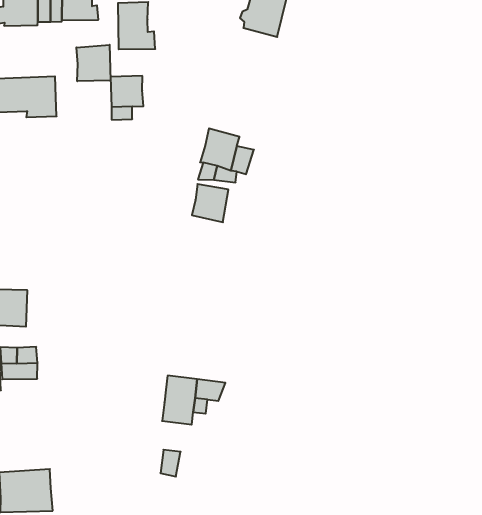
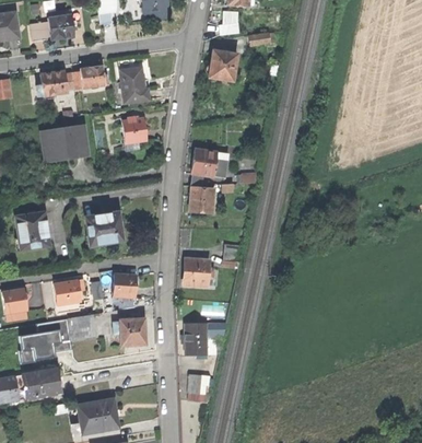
building: [76,45,110,81] -> none
building: none -> [86,213,122,246]
building: none -> [184,260,212,285]
building: none -> [114,275,138,298]
building: none -> [120,319,145,345]

